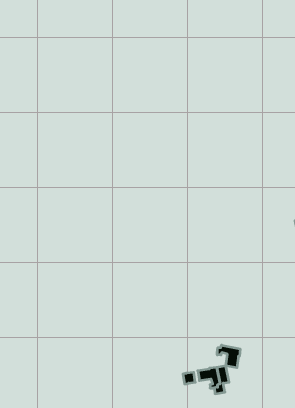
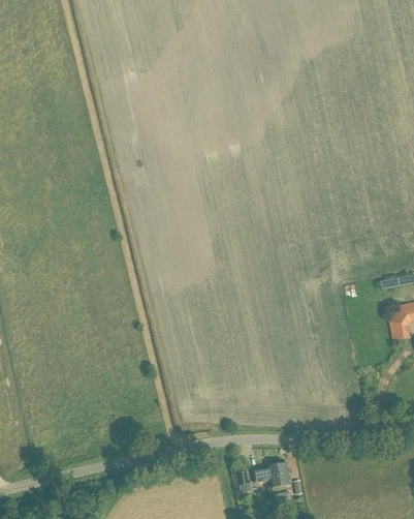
building: [217,345,240,368] -> none

